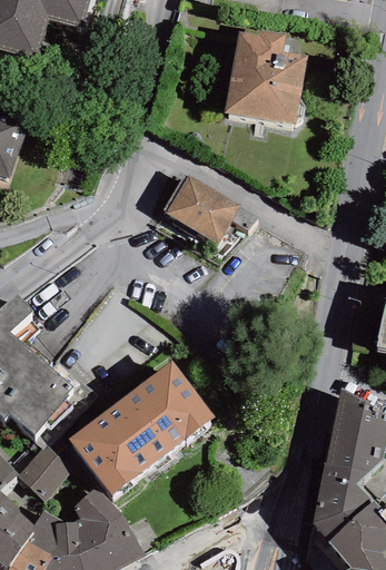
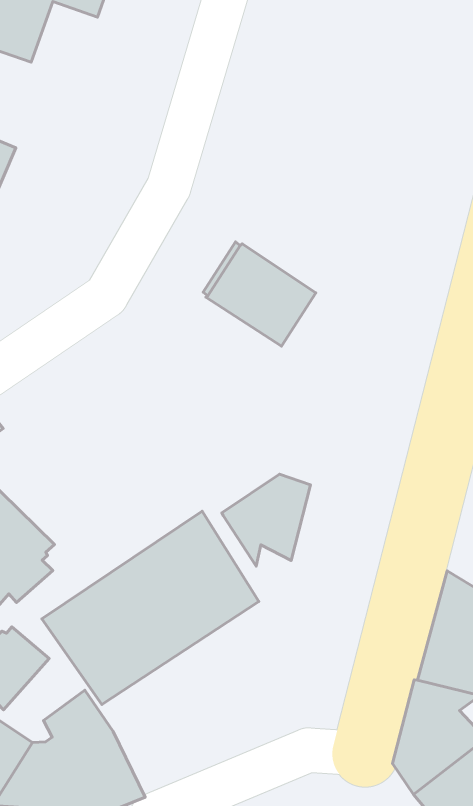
building: [225,29,308,126] -> none
building: none -> [222,474,310,566]

